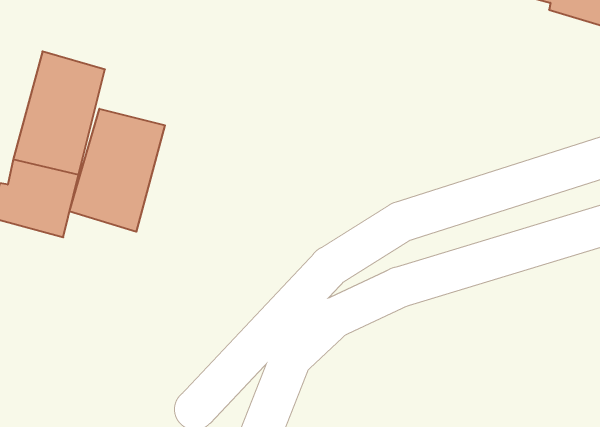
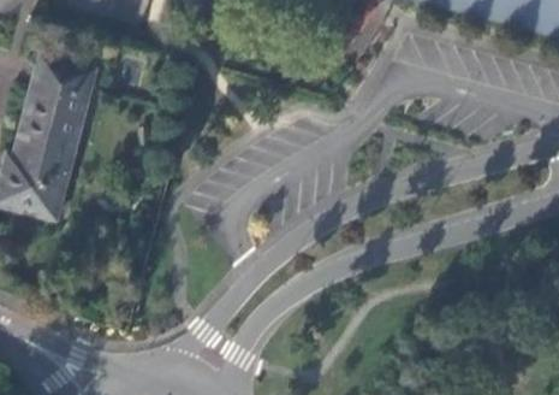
building: [70,109,165,232] -> none

